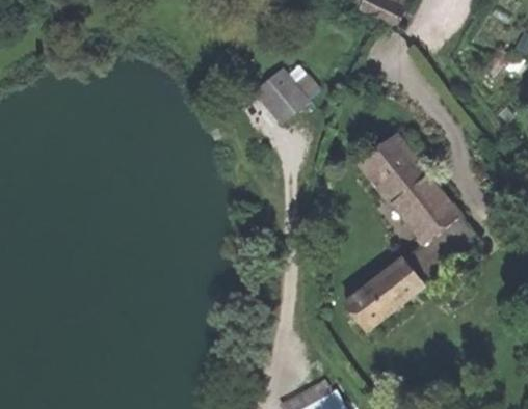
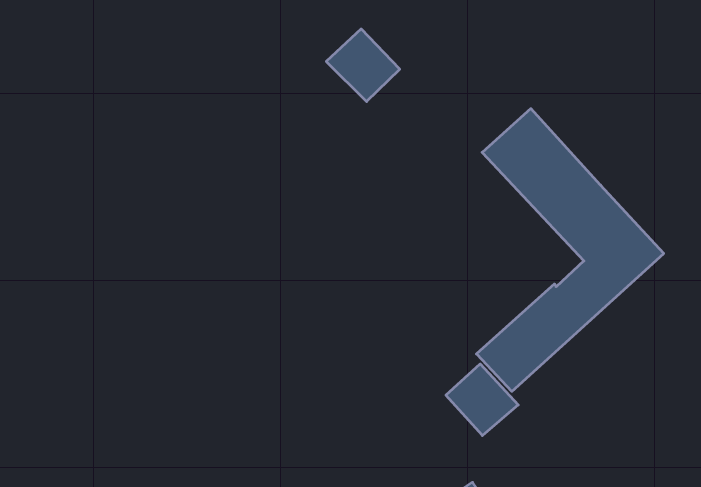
building: none -> [446,364,518,436]

